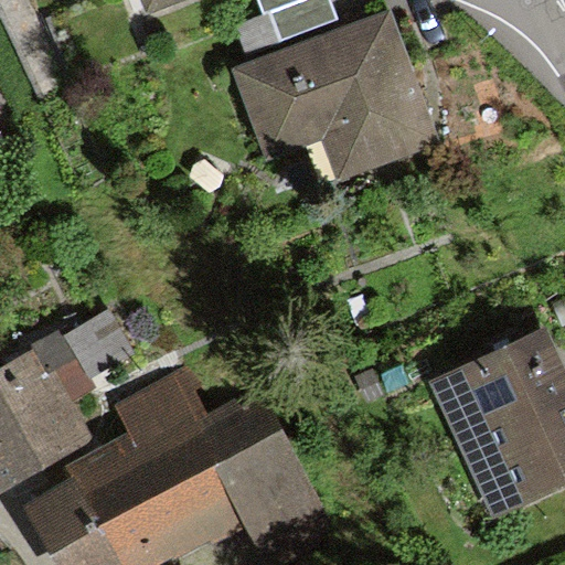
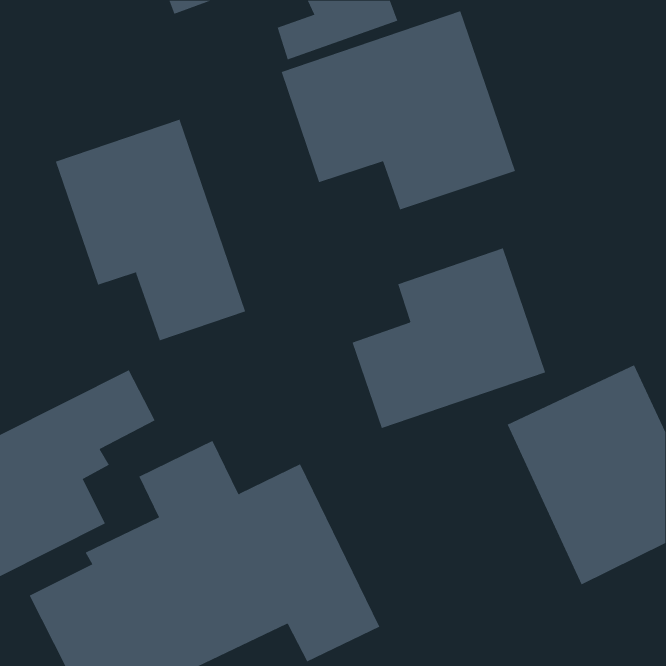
building: none -> [55,119,246,341]
building: none -> [352,247,546,429]

